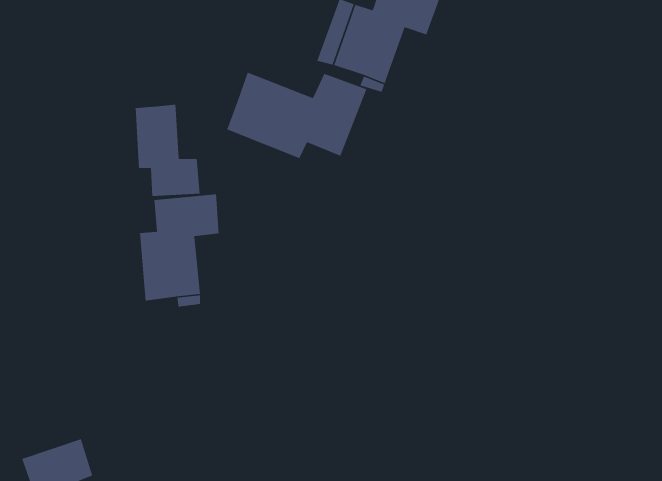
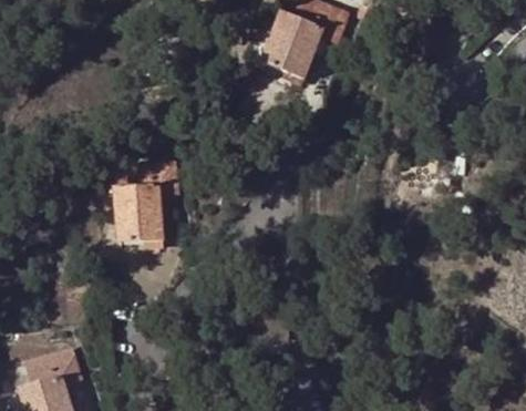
building: [226,72,367,159] -> none
building: [135,104,200,197] -> none

